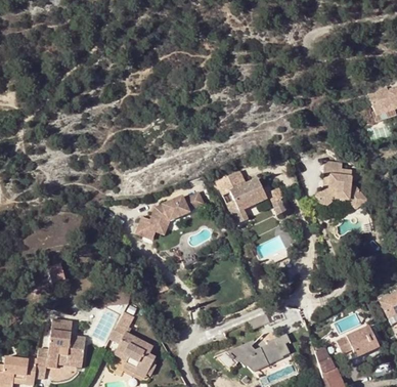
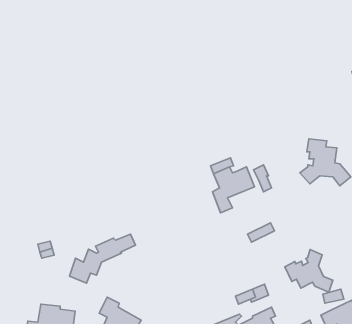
building: [133,196,201,246] -> [69,234,136,283]
building: none -> [285,249,333,292]

